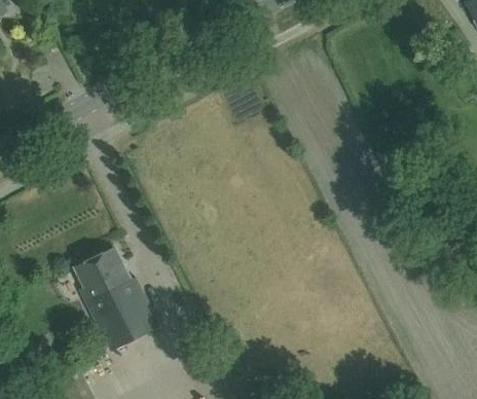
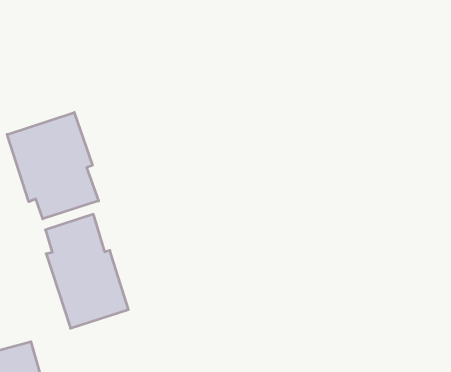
building: none -> [7,112,99,219]

